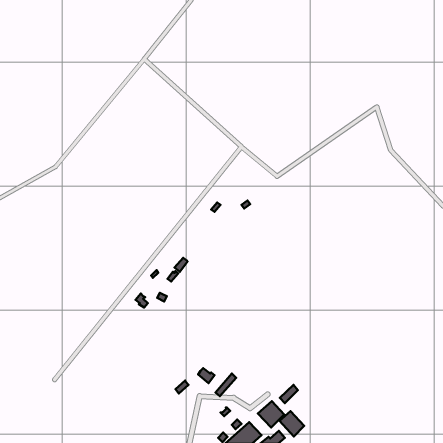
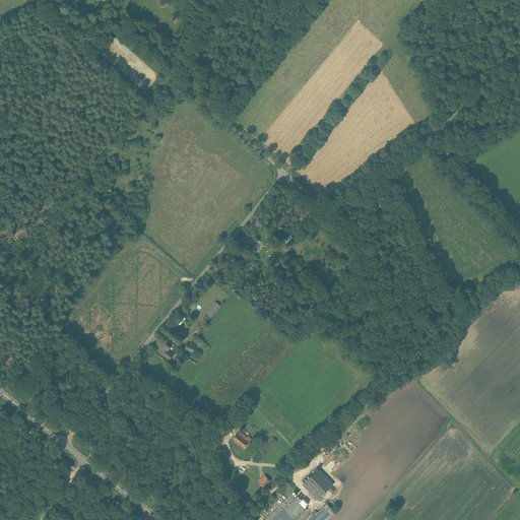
building: [279,411,304,436] -> none

